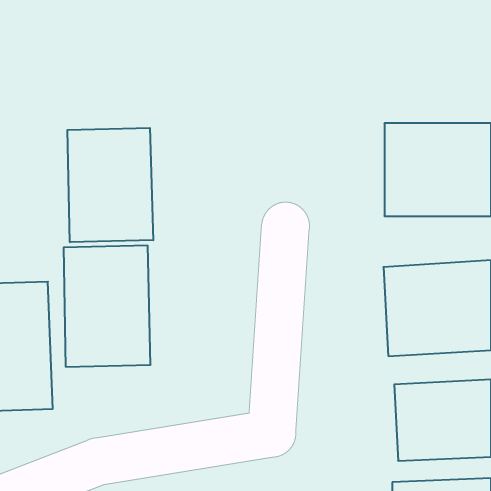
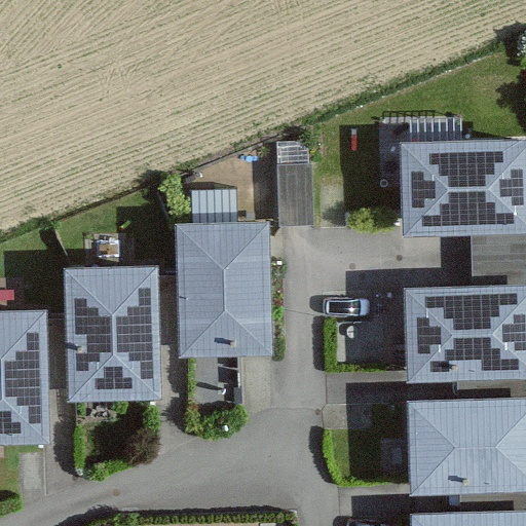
building: [67,128,153,242] -> none
building: none -> [182,228,270,355]

